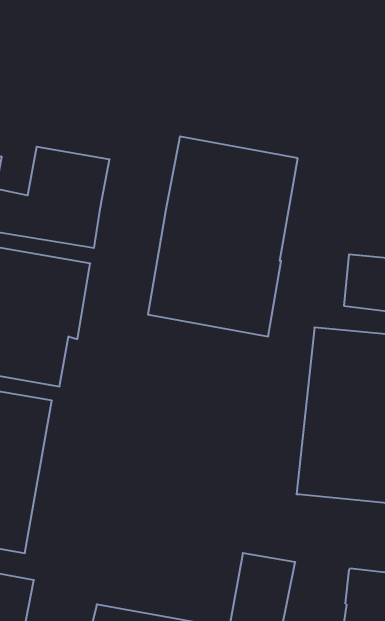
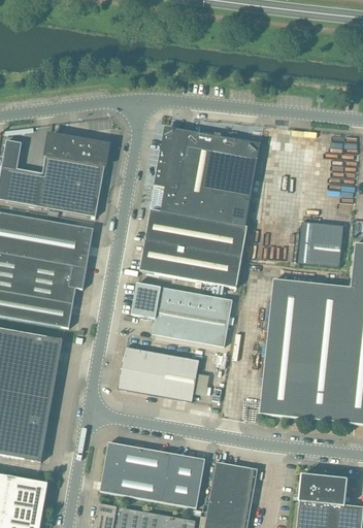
building: none -> [131,283,232,345]
building: none -> [118,346,198,401]
building: none -> [100,441,205,507]

